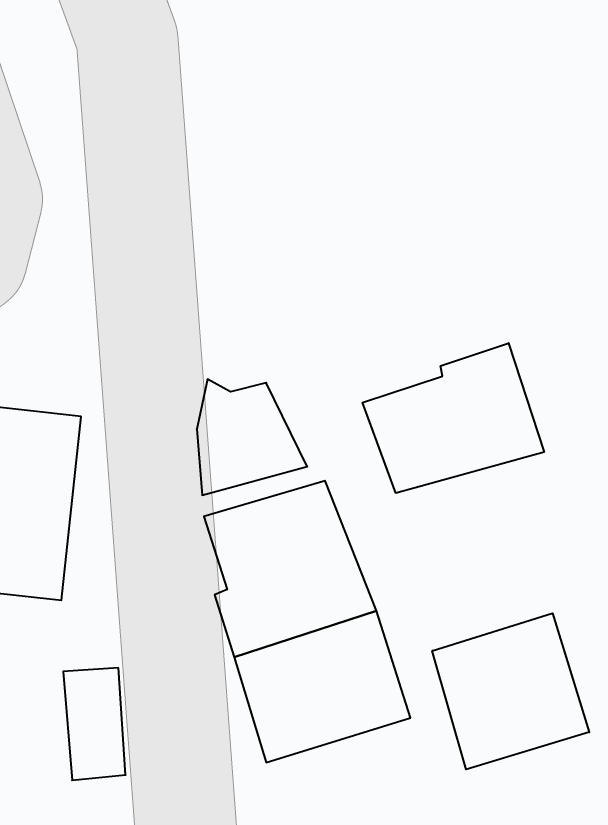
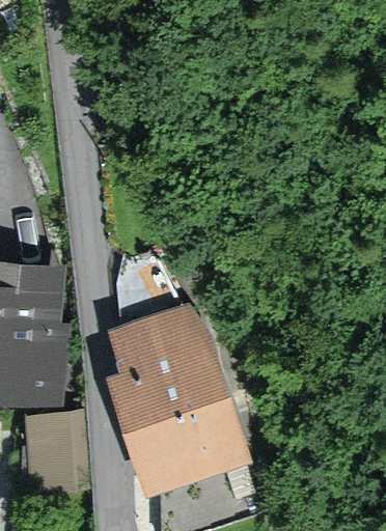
building: [362,343,544,493] -> none
building: [432,613,589,769] -> none

